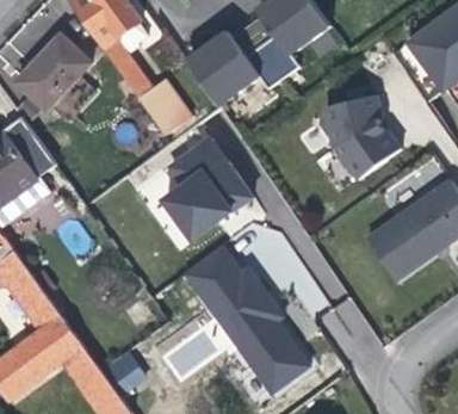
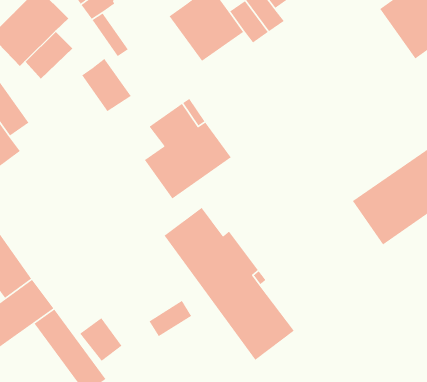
building: [140,82,188,135] -> [81,58,132,112]
building: [323,94,400,179] -> none

